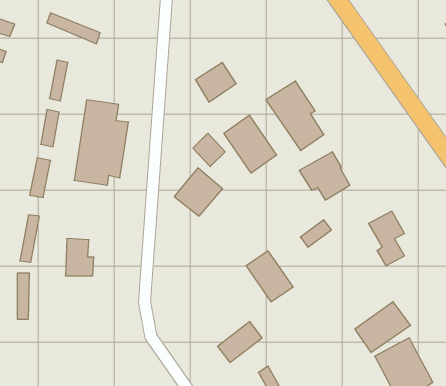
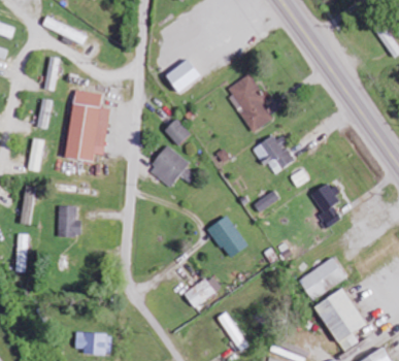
building: [224,115,277,173] -> none

